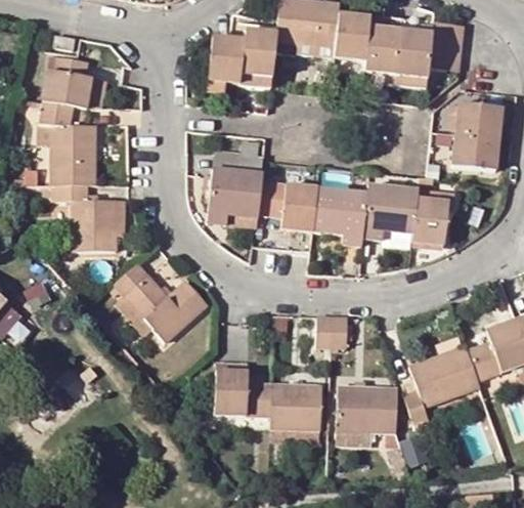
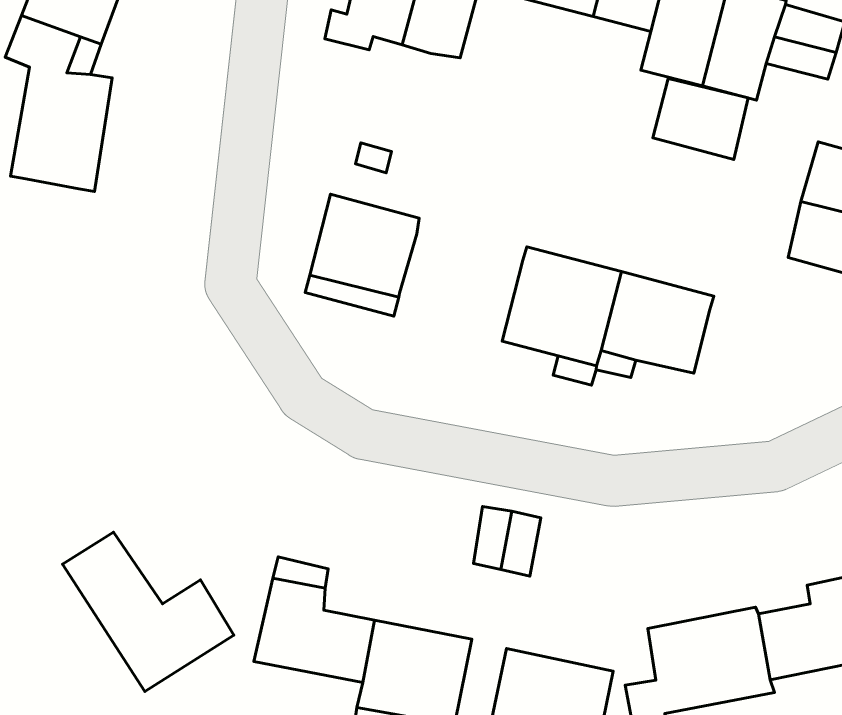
building: none -> [653,79,748,160]
building: [258,181,318,229] -> none
building: [56,184,115,250] -> none
building: [413,197,447,244] -> none
building: [115,262,208,341] -> [62,532,234,691]

